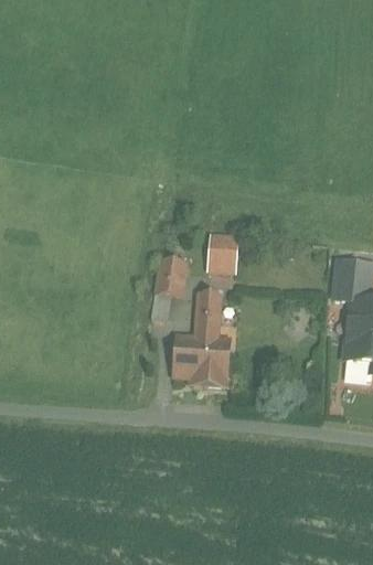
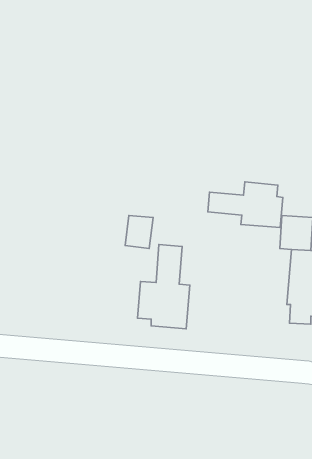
building: none -> [208,182,283,228]
building: [209,232,237,271] -> none

